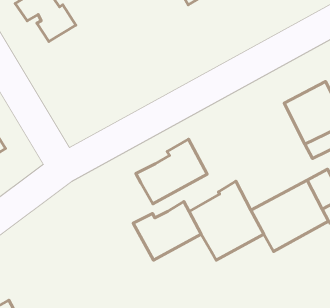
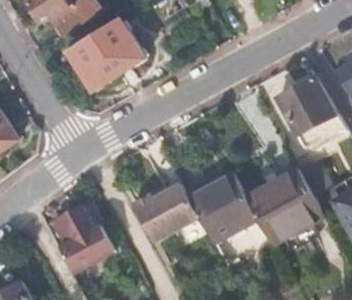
building: none -> [68,17,146,91]
building: [136,139,207,204] -> none
building: none -> [55,200,115,271]

